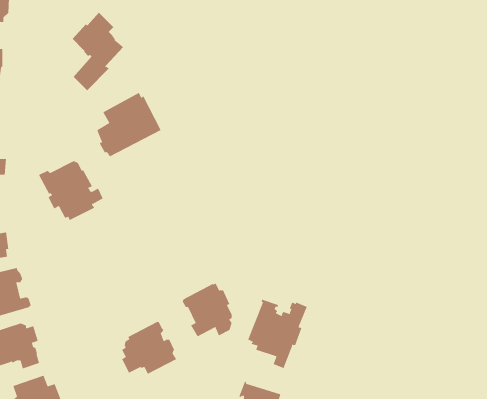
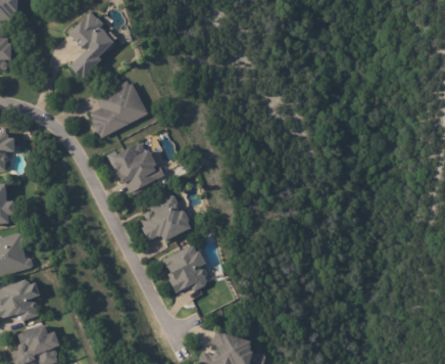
building: [38,161,103,221] -> [109,142,165,194]
building: [247,299,307,369] -> none
building: [121,321,177,375] -> [142,195,190,241]

